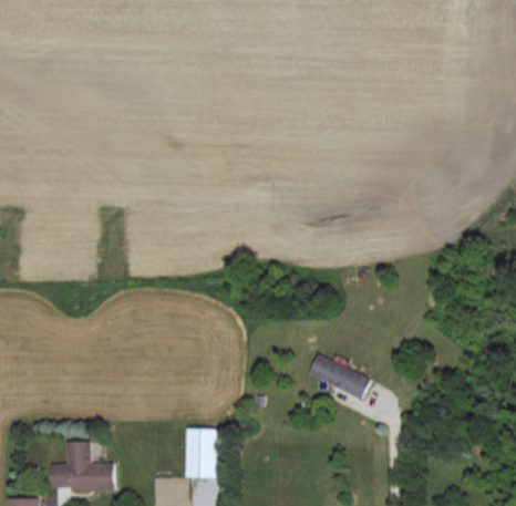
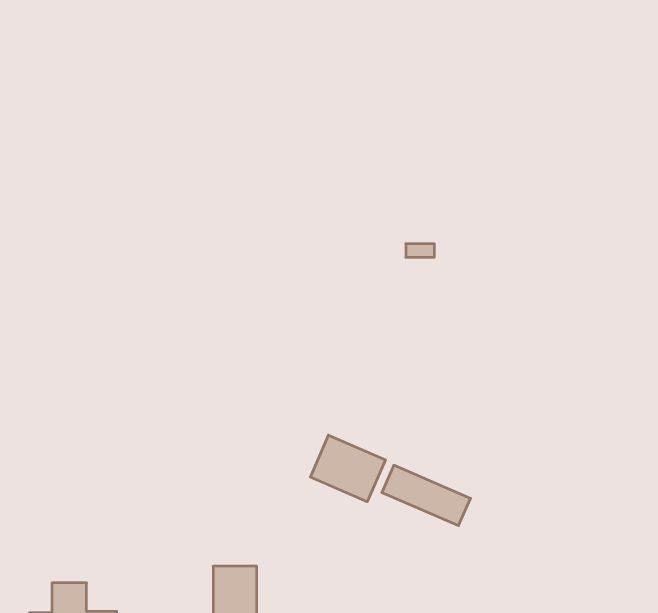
building: none -> [310,435,385,502]

